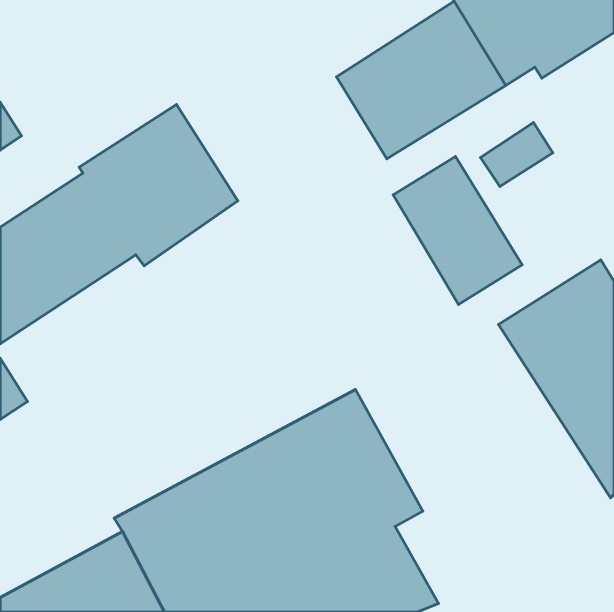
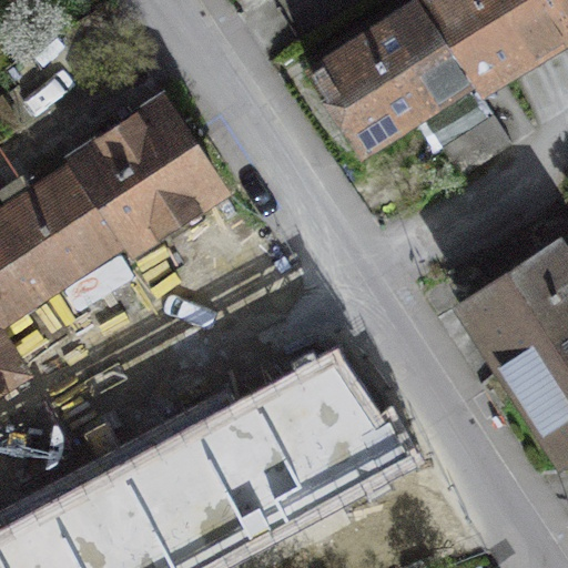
building: [393,156,522,304] -> none

